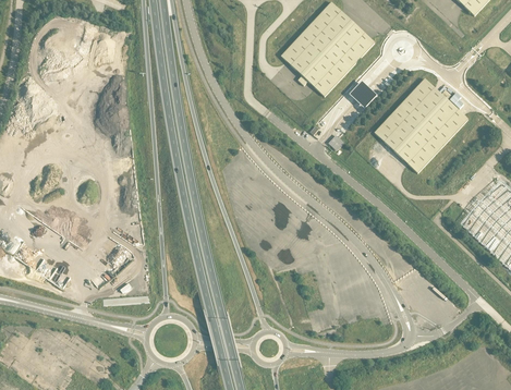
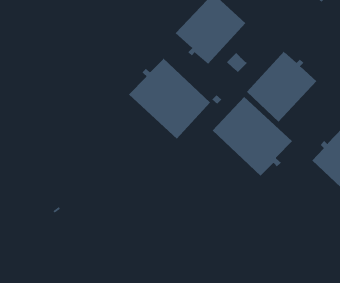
building: none -> [128,57,211,139]
building: none -> [212,96,293,177]

